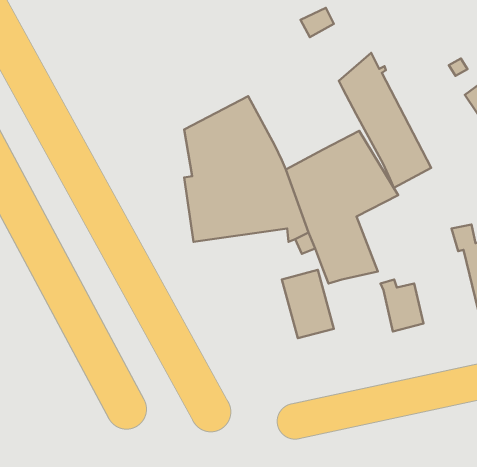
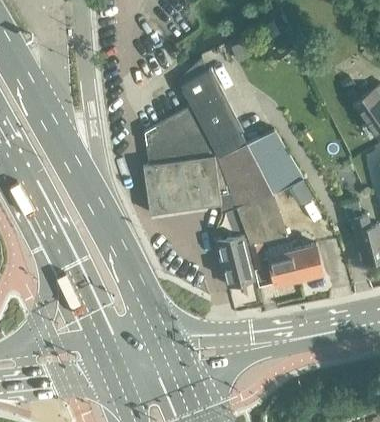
building: [339,53,431,188] -> [179,60,248,161]
building: none -> [250,243,300,287]

